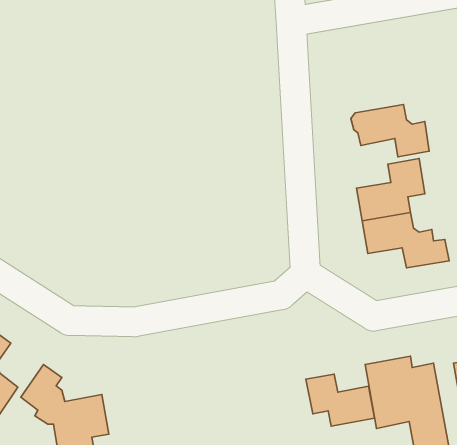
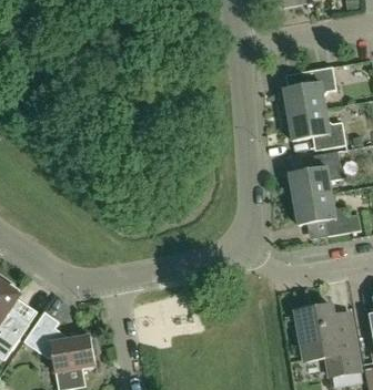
building: none -> [282,65,335,114]
building: [306,374,375,426] -> none

